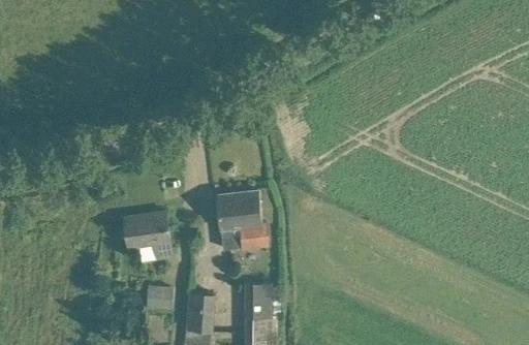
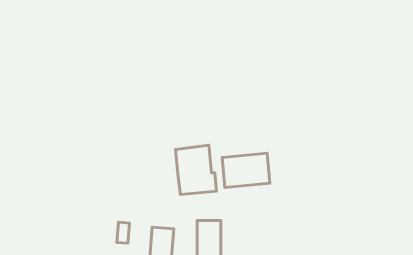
building: none -> [222,153,270,187]
building: [124,212,173,260] -> none

